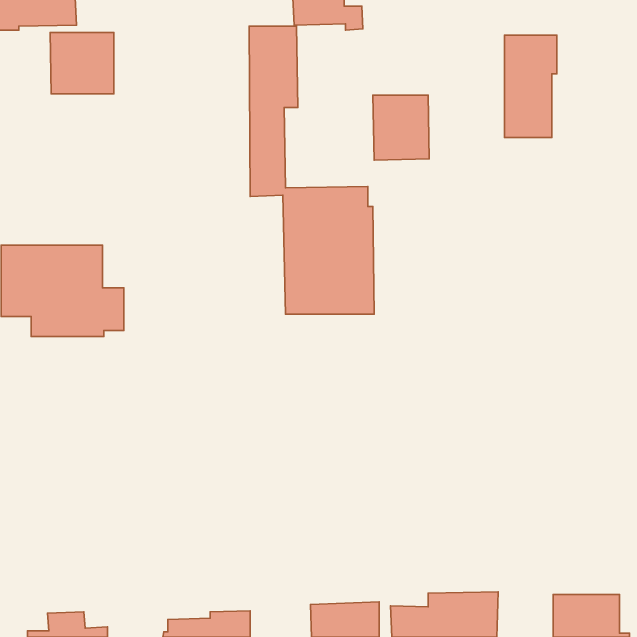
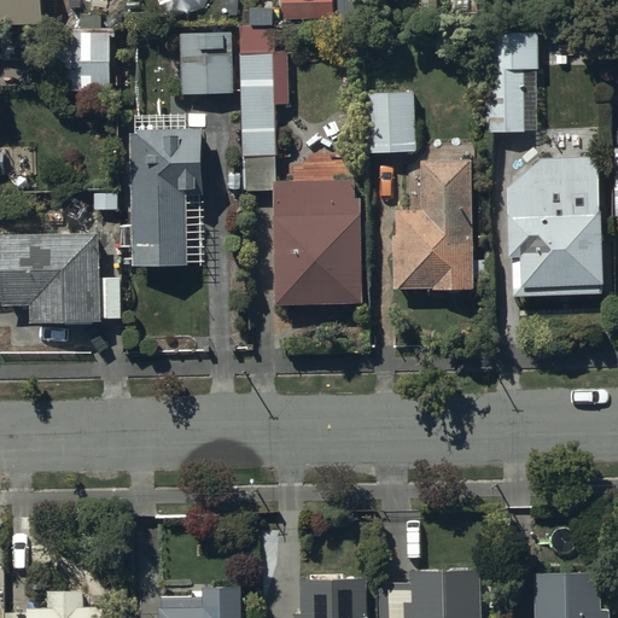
building: none -> [180,34,232,93]
building: none -> [130,129,202,268]
building: none -> [506,157,601,296]
building: none -> [395,162,490,291]

